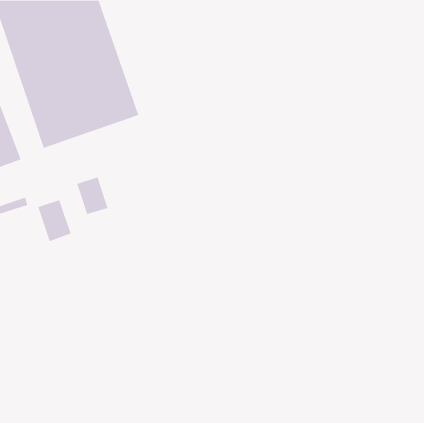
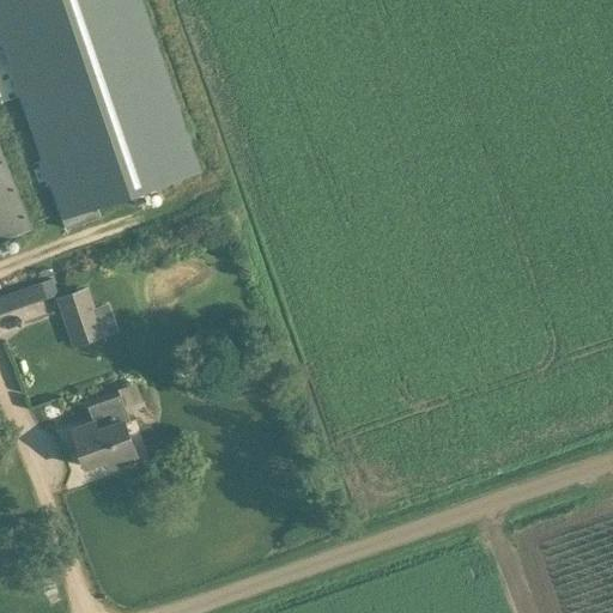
building: [77,176,108,215] -> none
building: none -> [69,399,135,472]

